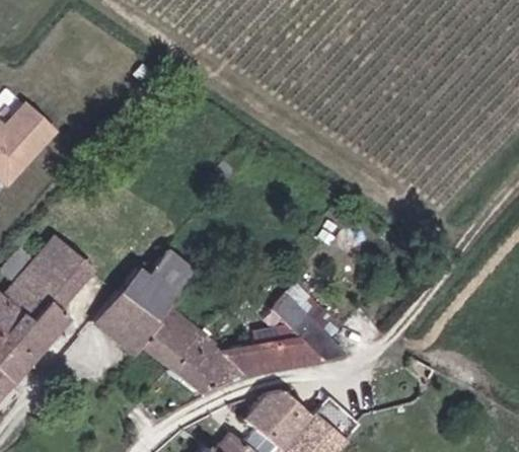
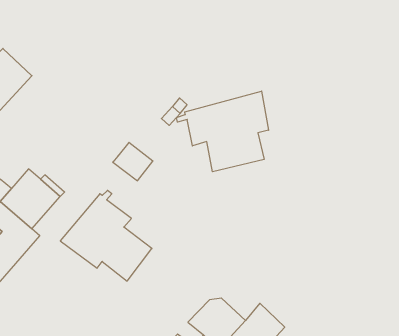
building: none -> [176,91,269,172]
building: [146,252,194,298] -> [113,142,153,181]
building: [170,296,344,395] -> none

